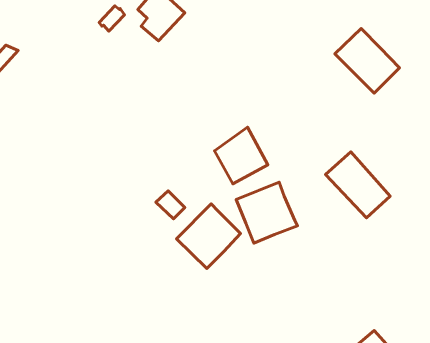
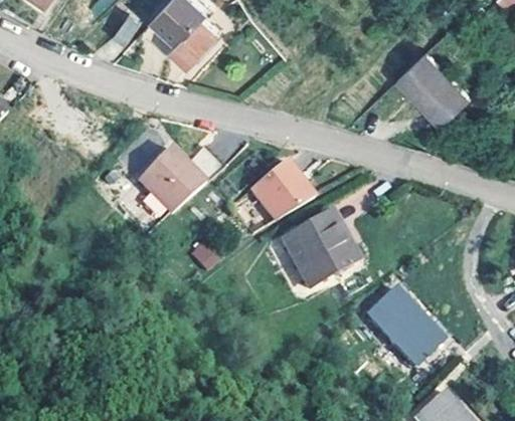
building: none -> [142,139,230,206]
building: [325,152,390,218] -> [365,286,440,363]
building: [176,204,241,268] -> none

